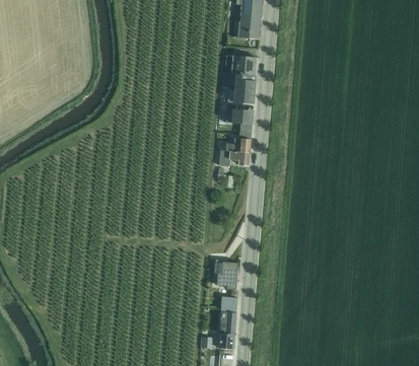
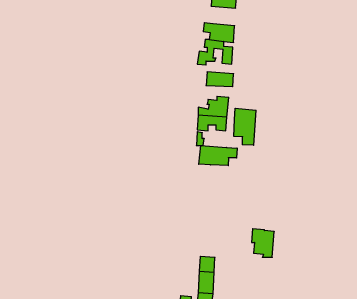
building: none -> [234,108,256,145]
building: none -> [199,146,237,166]
building: [215,260,238,289] -> [252,229,274,257]

